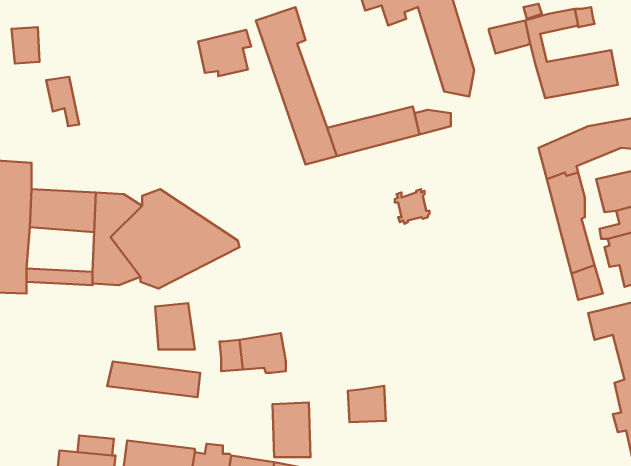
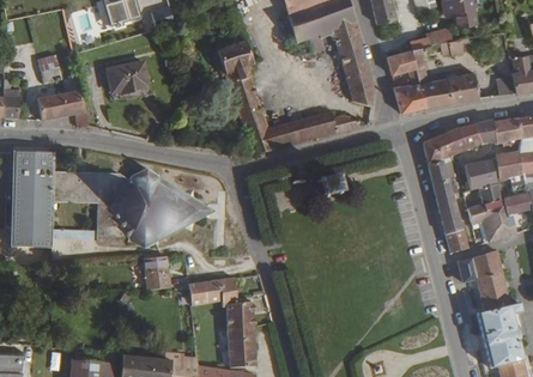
building: [198,30,251,76] -> [110,61,149,95]
building: none -> [394,81,426,111]
building: none -> [40,93,69,120]
building: [107,361,200,397] -> none
building: [348,386,386,422] -> [228,302,255,328]

